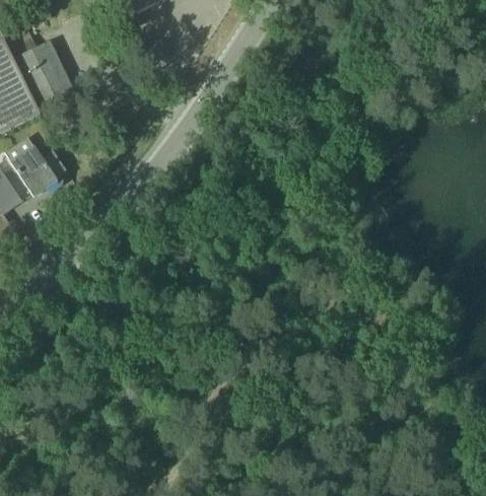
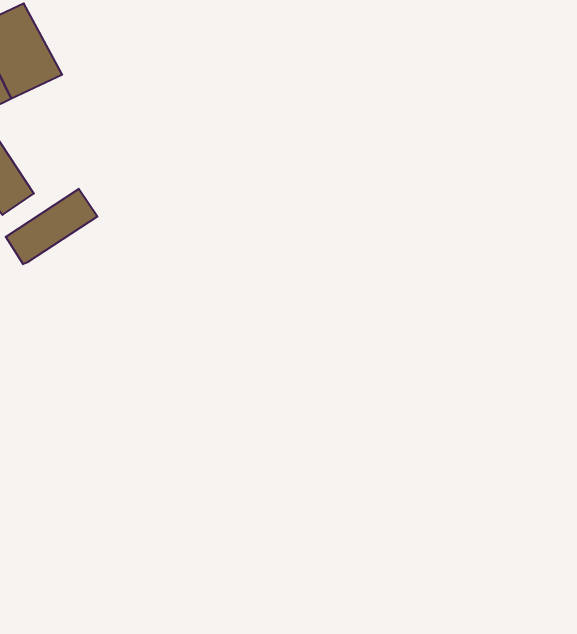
building: none -> [6,189,97,264]

